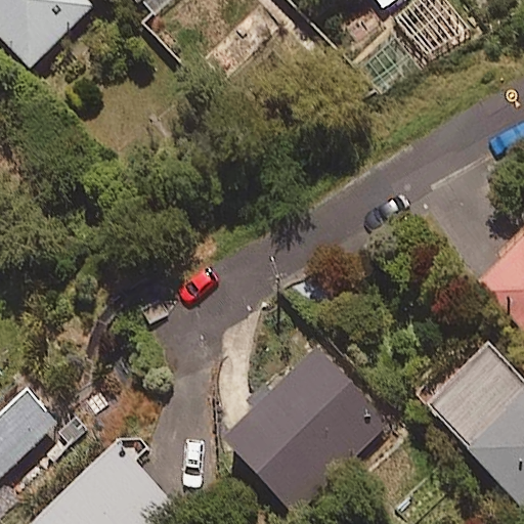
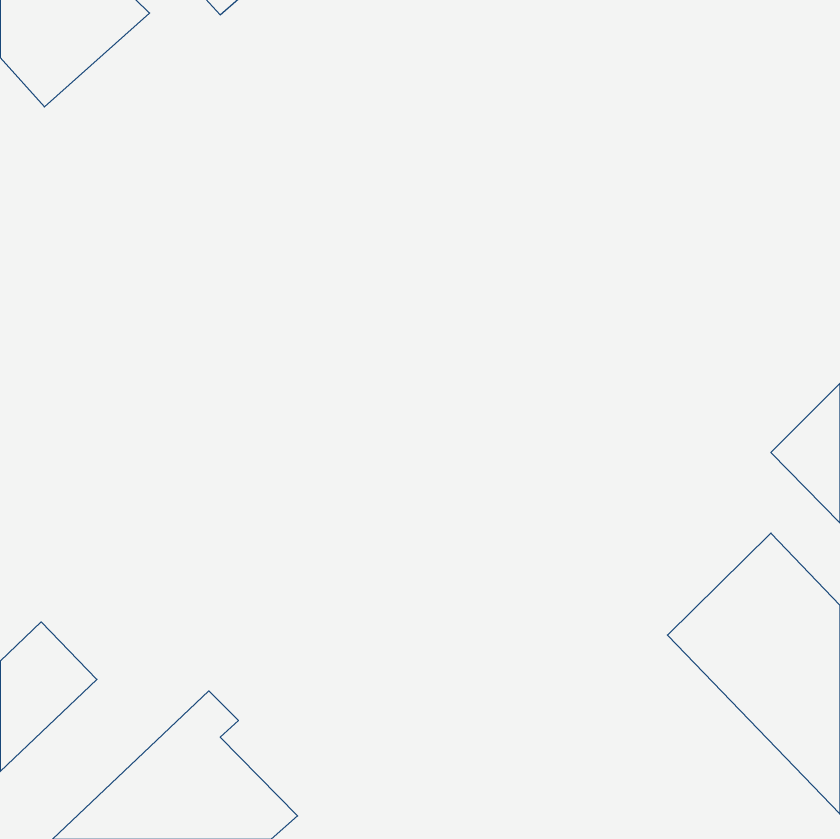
building: [223,347,393,515] -> none

